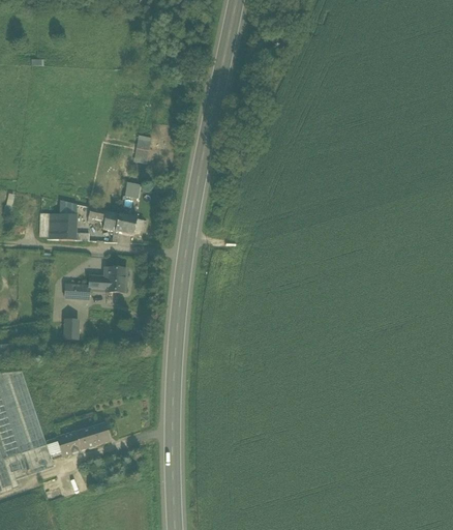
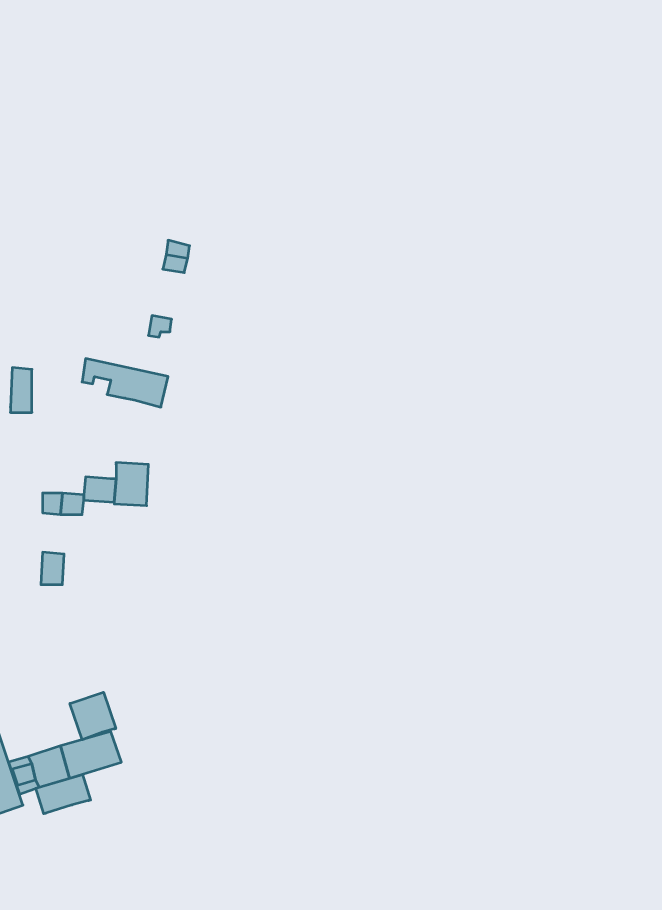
building: [59,201,77,240] -> none
building: none -> [70,692,116,740]
building: none -> [36,775,91,814]

